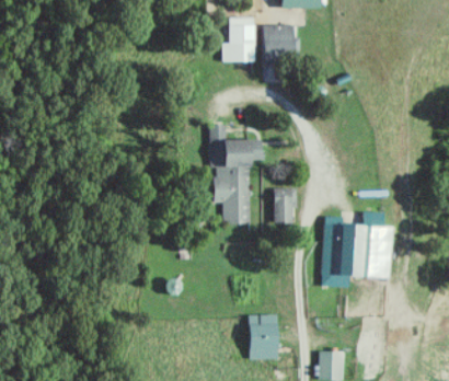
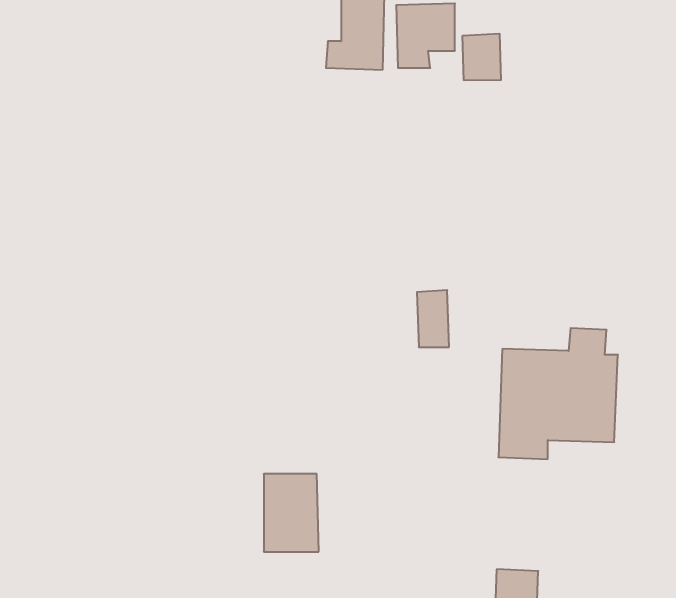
building: none -> [463,34,501,80]
building: [212,125,266,221] -> none
building: [250,314,281,359] -> [264,474,319,552]

